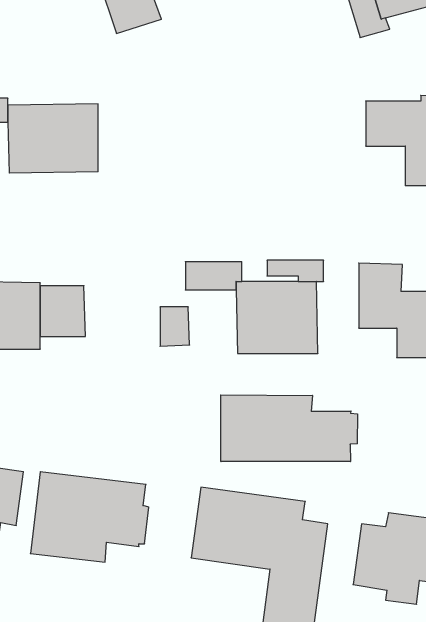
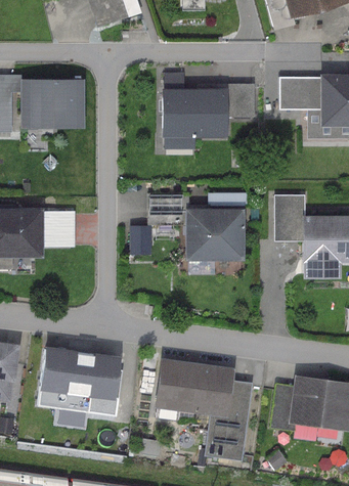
building: none -> [162,72,254,137]
building: [221,395,357,462] -> none

